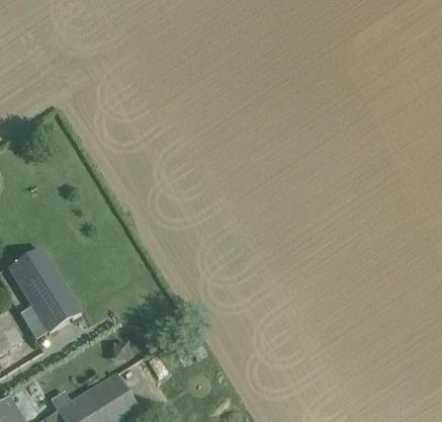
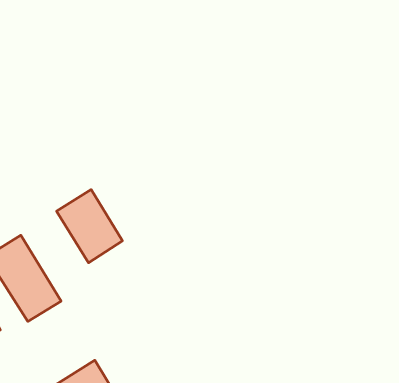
building: none -> [57,190,122,263]

